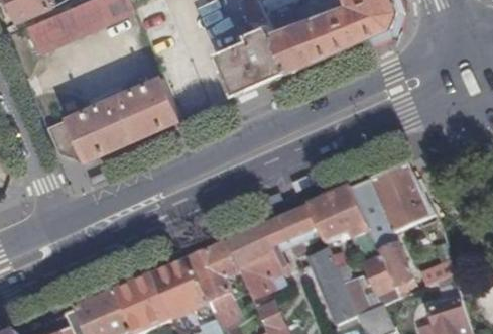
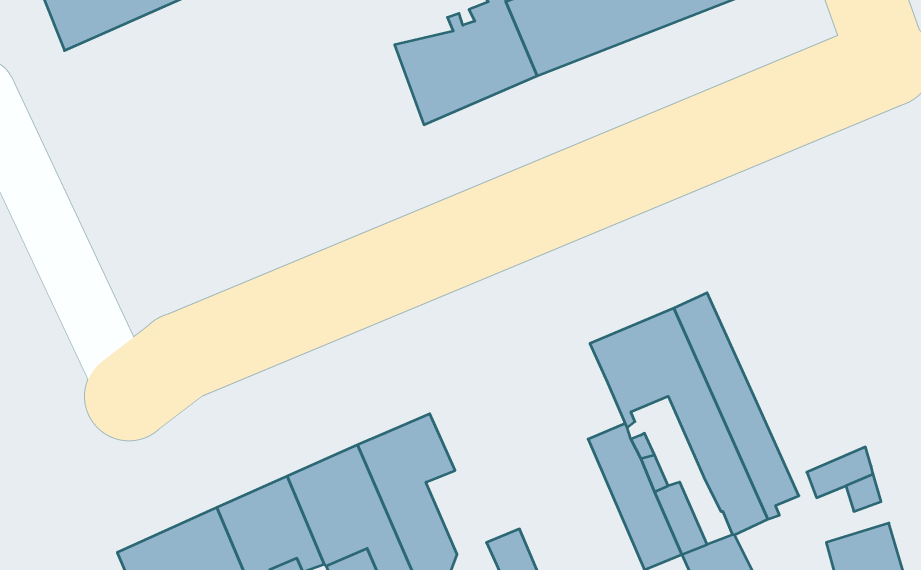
building: [45,79,180,166] -> none
building: [368,163,435,233] -> none
building: [225,208,317,301] -> none

